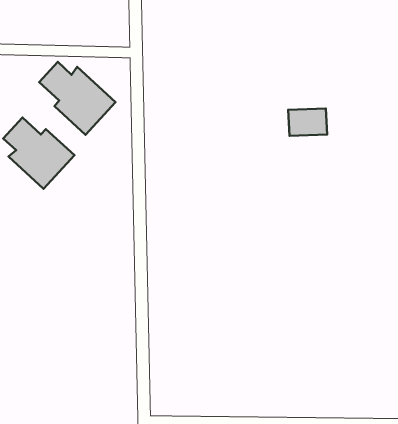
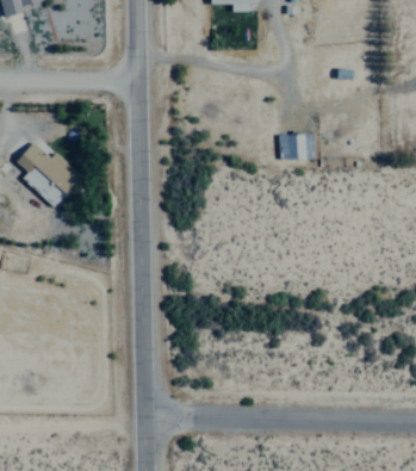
building: [39,62,116,135] -> none

